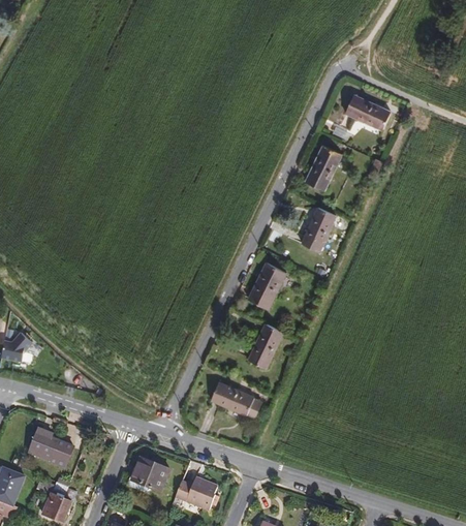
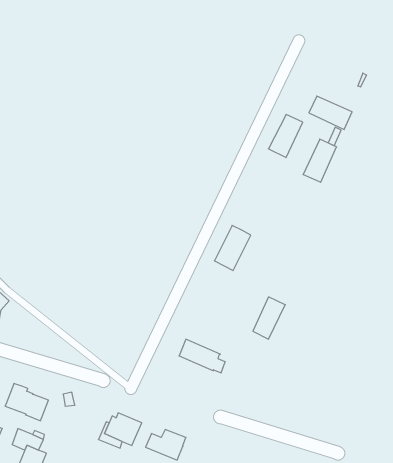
building: [345,94,391,129] -> [309,96,352,129]
building: [301,206,336,251] -> [303,139,337,182]
building: [249,323,283,368] -> [253,297,285,339]

